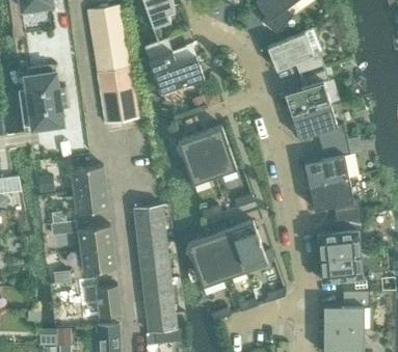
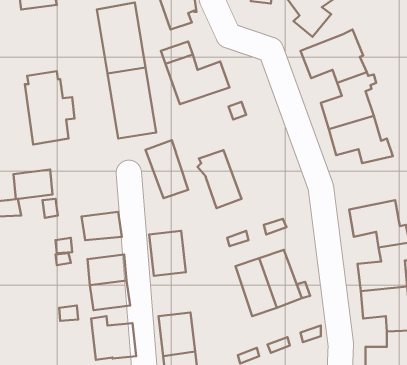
building: [198,127,236,178] -> [146,140,188,198]
building: [303,140,350,187] -> none
building: [72,167,106,193] -> [13,169,53,199]
building: [185,237,223,288] -> none
building: [137,242,169,280] -> none

